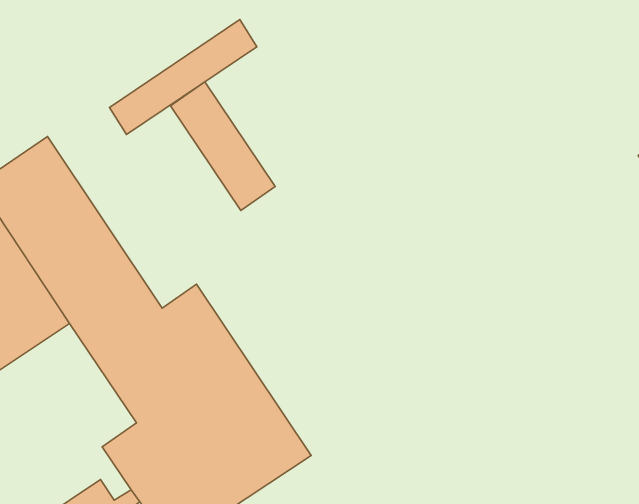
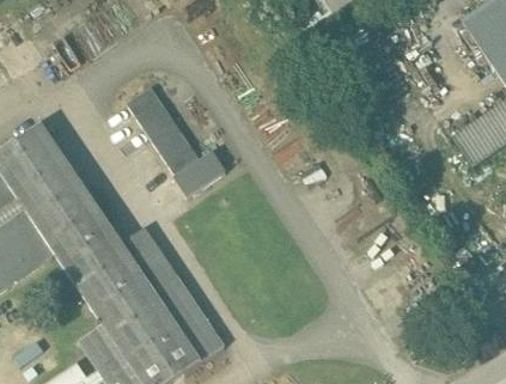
building: [109,20,257,135] -> none
building: none -> [173,148,226,195]

